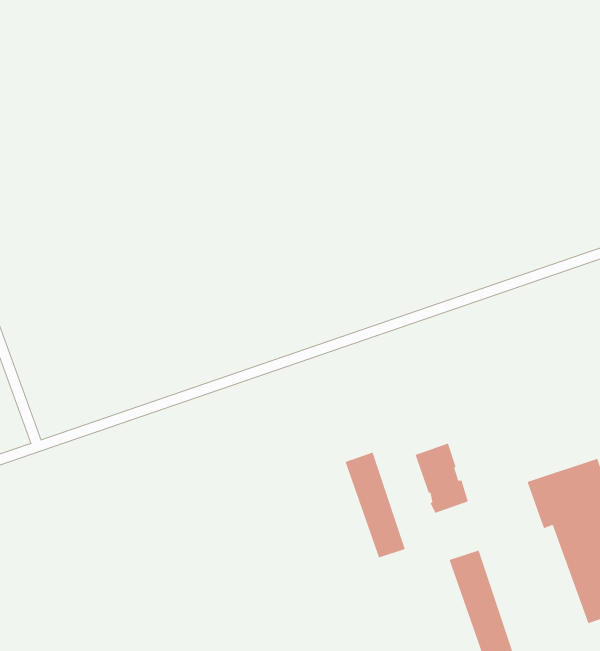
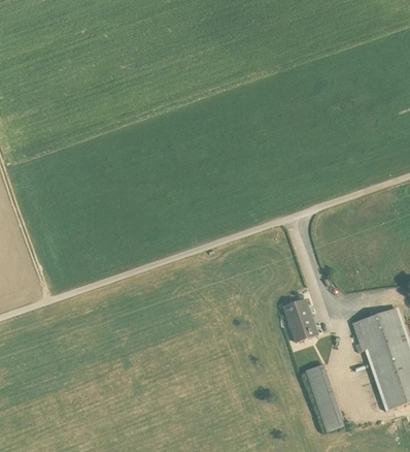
building: [345,451,406,558] -> none

